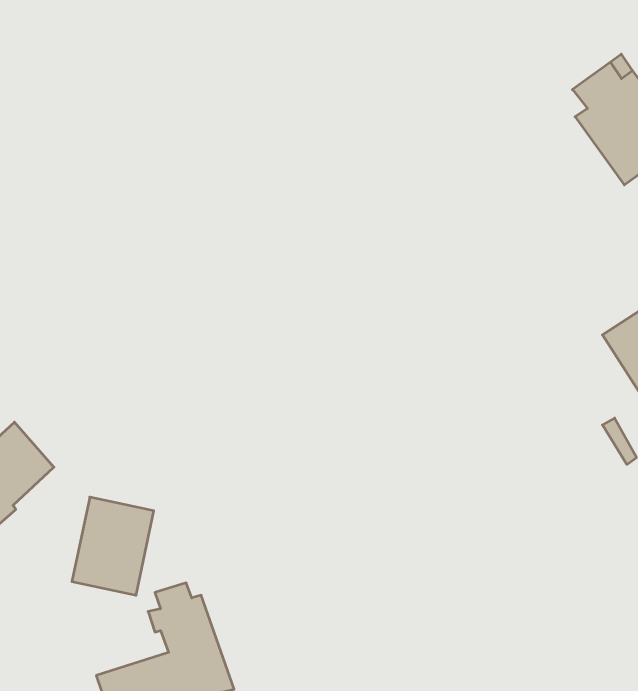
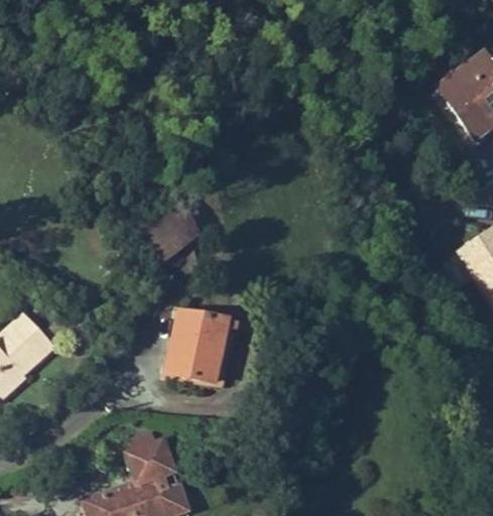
building: none -> [143,202,193,261]
building: [72,497,154,595] -> [166,311,227,384]

